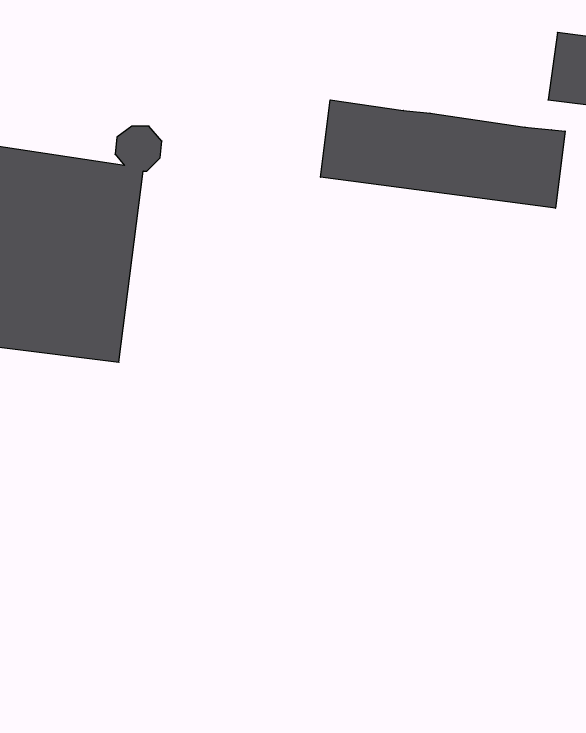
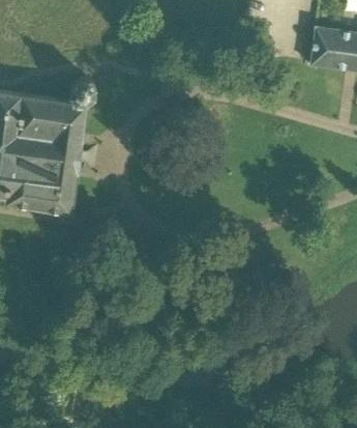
building: [321,100,565,208] -> none

